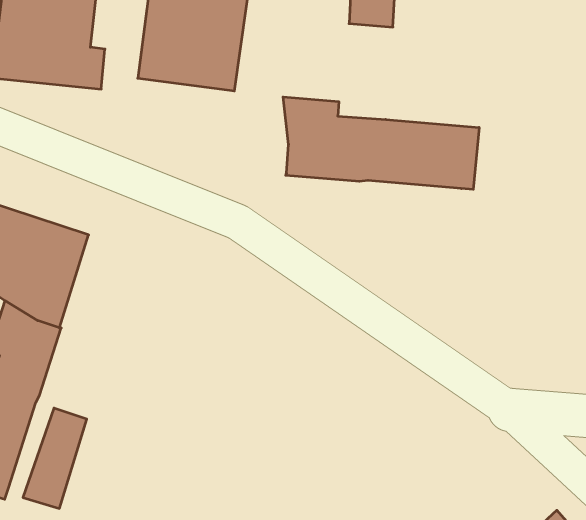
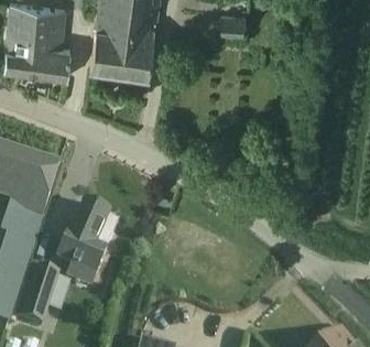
building: [283,97,479,189] -> none
building: none -> [56,200,109,274]

